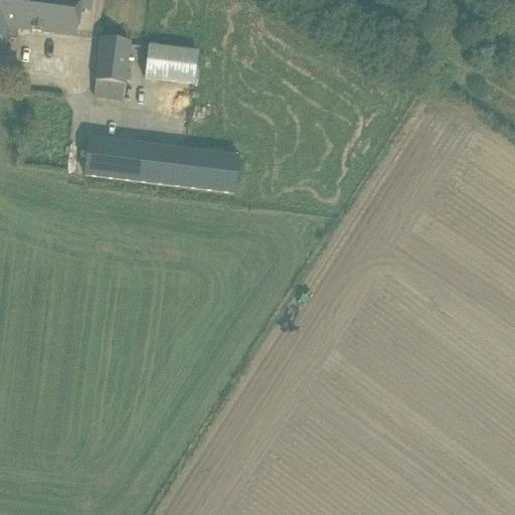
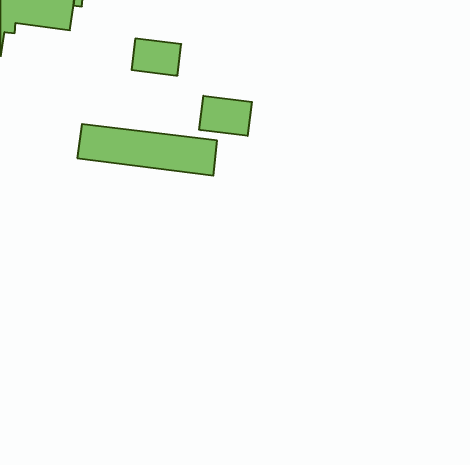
building: [95,35,131,100] -> none
building: none -> [199,96,252,136]

